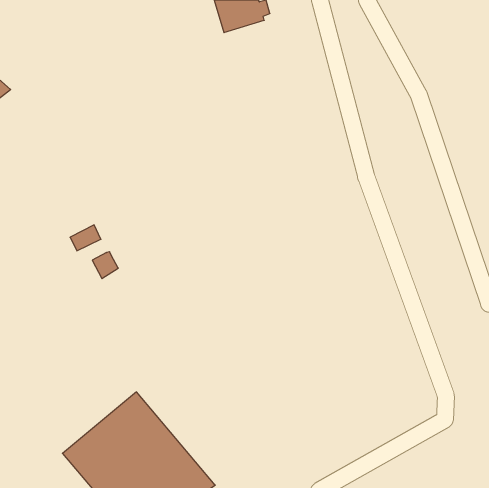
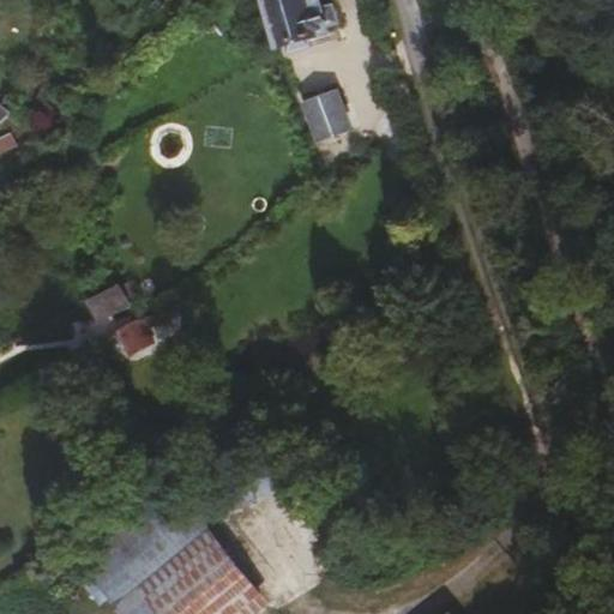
building: none -> [306,90,349,139]

